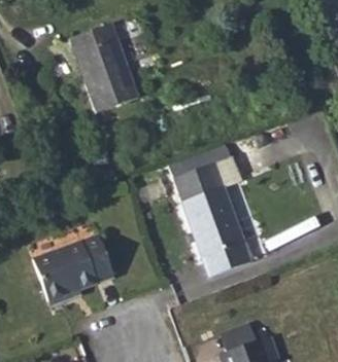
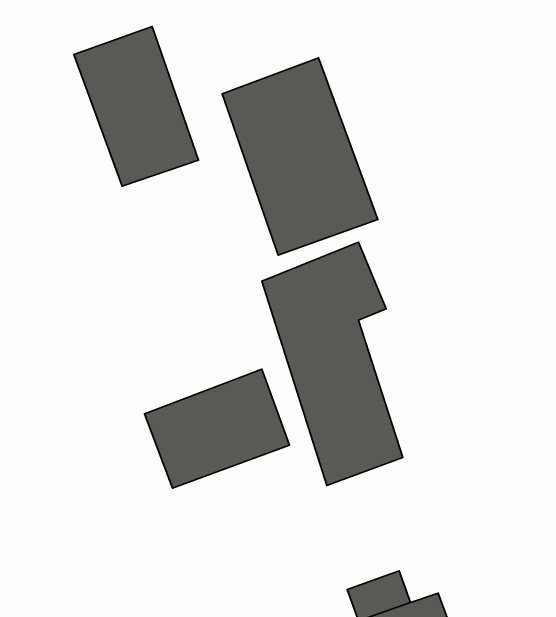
building: none -> [222,58,378,255]
building: [33,234,113,300] -> [145,369,290,488]

